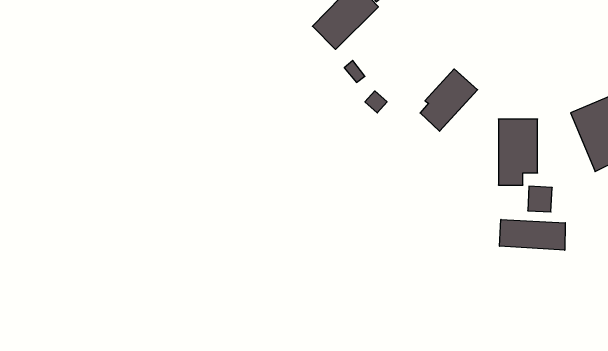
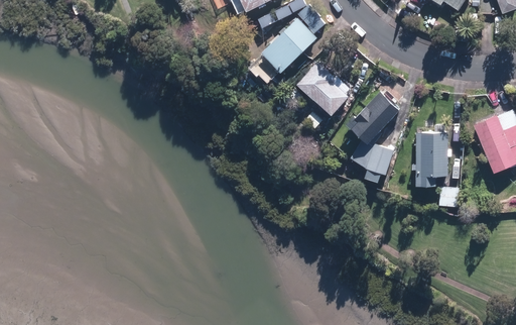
building: none -> [296,60,348,113]
building: none -> [350,138,393,181]
building: [500,219,565,250] -> none

